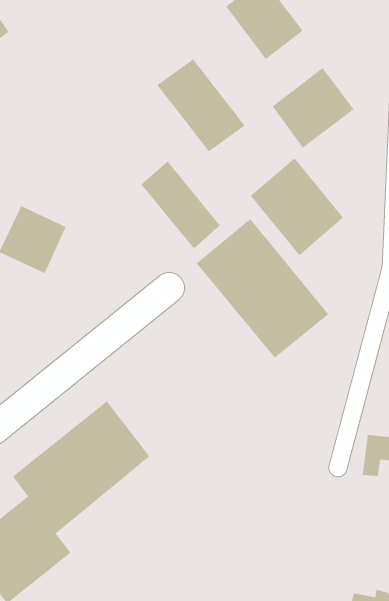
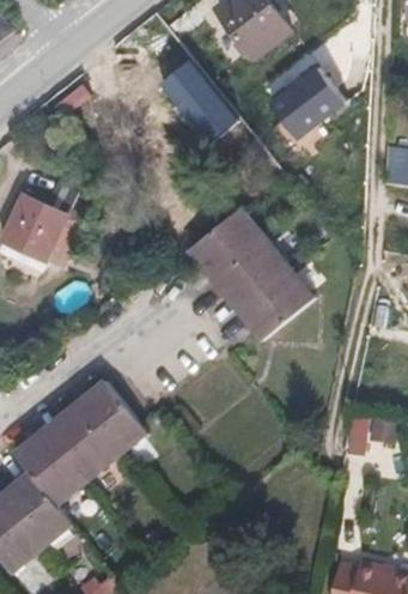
building: [250,157,344,256] -> none
building: [141,160,221,249] -> none

